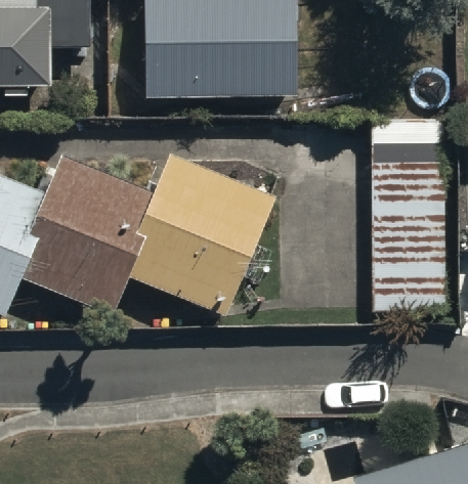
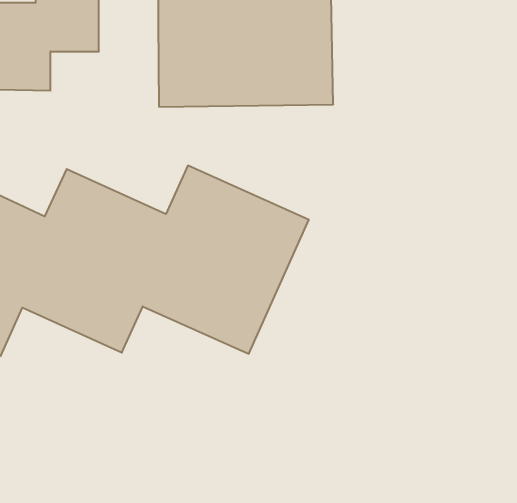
building: [368,123,446,315] -> none

